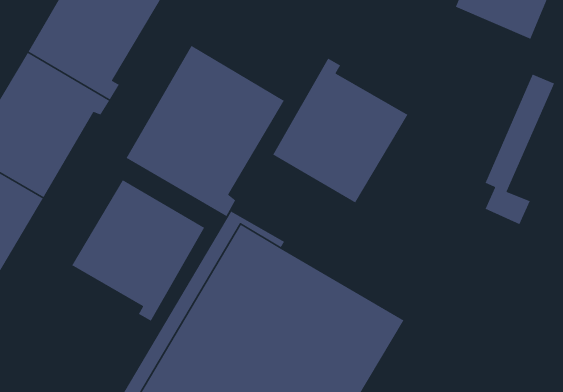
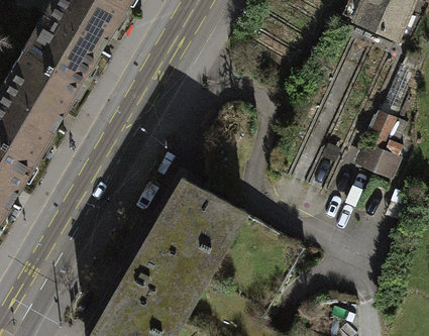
building: [126,45,285,217] -> none
building: [272,57,408,204] -> none
building: [71,179,205,322] -> none

